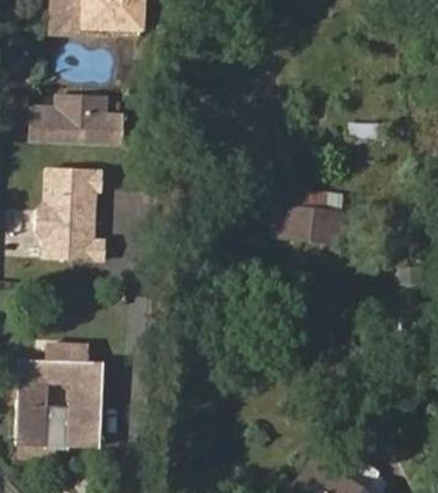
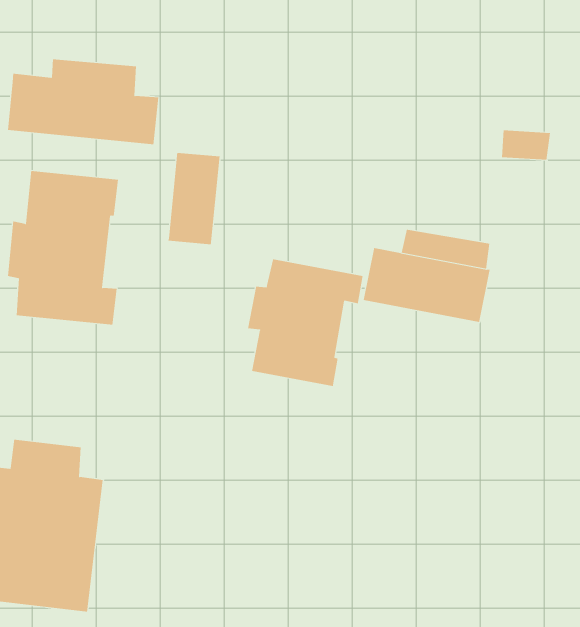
building: none -> [168,152,220,245]
building: none -> [247,258,363,387]

